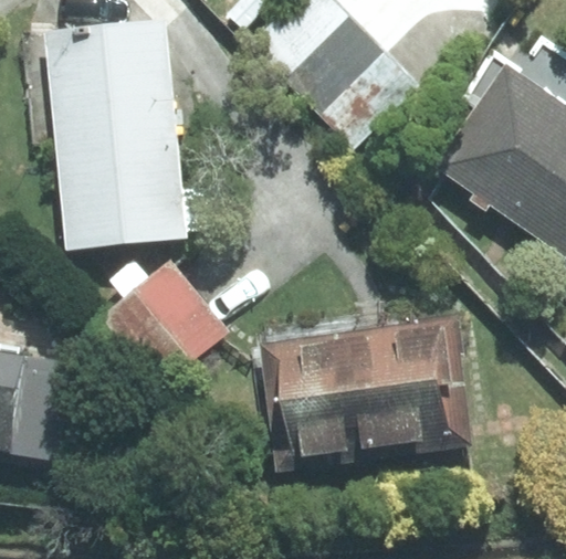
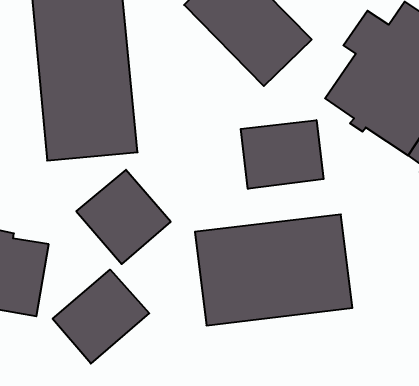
building: none -> [241,120,324,189]
building: none -> [53,270,149,364]

